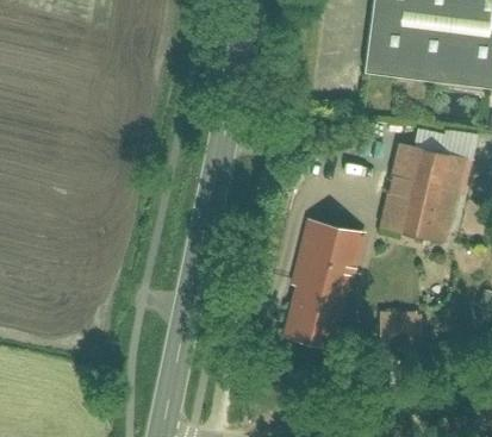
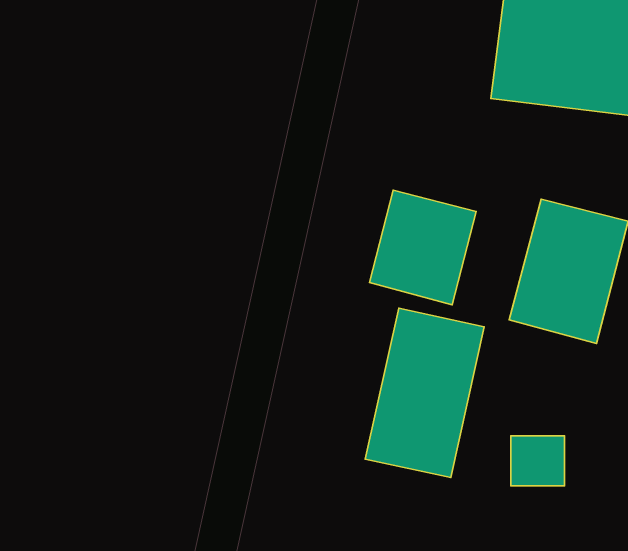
building: none -> [370,190,476,305]

